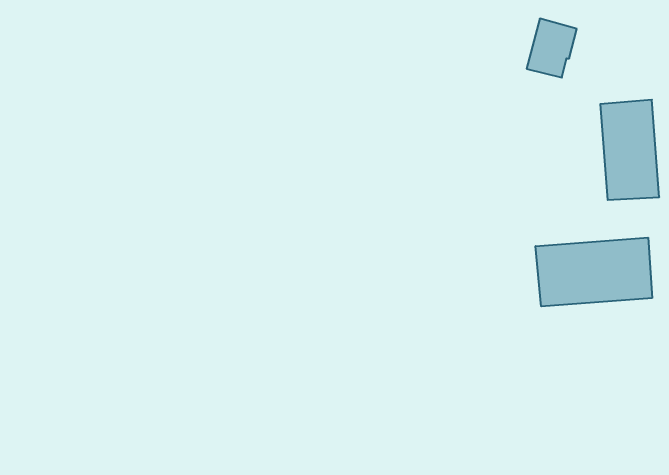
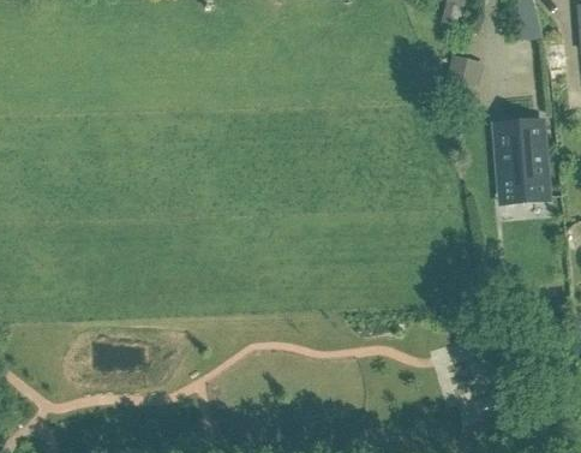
building: [536,238,652,306] -> none

